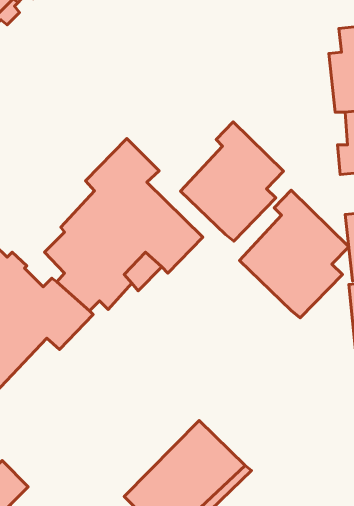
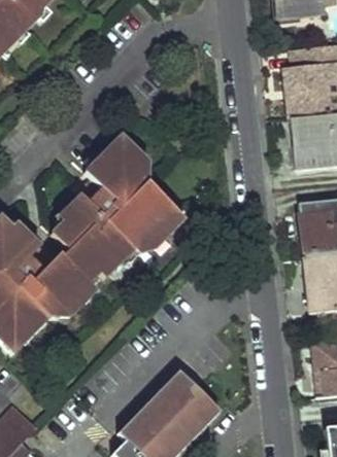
building: [181,122,283,241] -> none
building: [240,190,349,318] -> none

